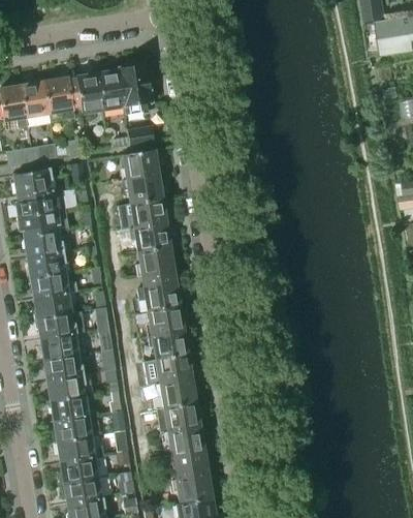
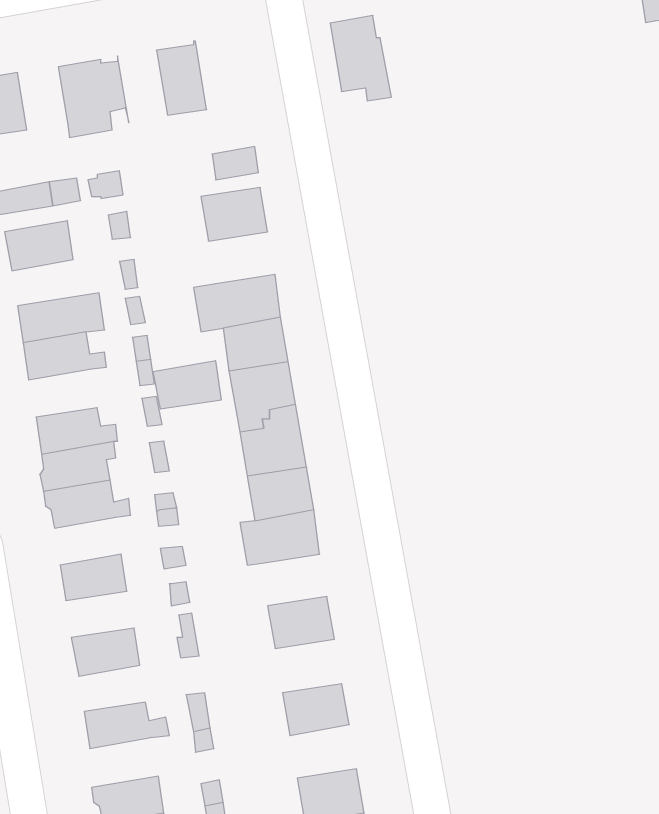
building: [119,63,153,111] -> [330,16,391,101]
building: [75,72,103,113] -> none
building: [20,82,47,117] -> none
building: [126,174,163,203] -> none
building: [17,187,65,215] -> none
building: [26,250,64,277] -> [153,361,221,409]
building: [40,333,77,360] -> none
building: [144,354,192,385] -> none
building: [46,373,91,400] -> none
building: [157,401,200,431] -> none
building: [54,416,91,441] -> none
building: [171,449,209,479] -> none
building: [60,456,98,484] -> none

